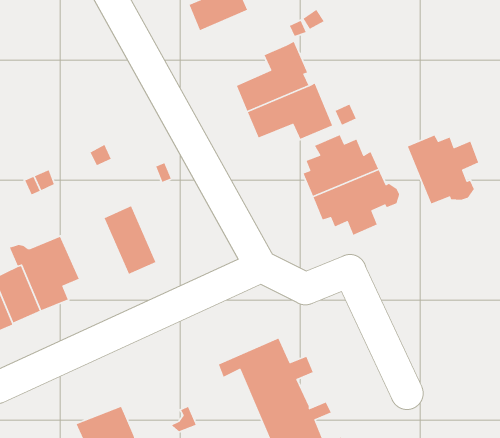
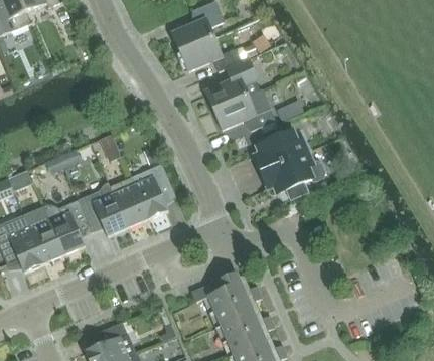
building: none -> [178,37,241,72]
building: [407,134,479,205] -> none
building: none -> [129,165,174,220]
building: none -> [78,184,127,236]

